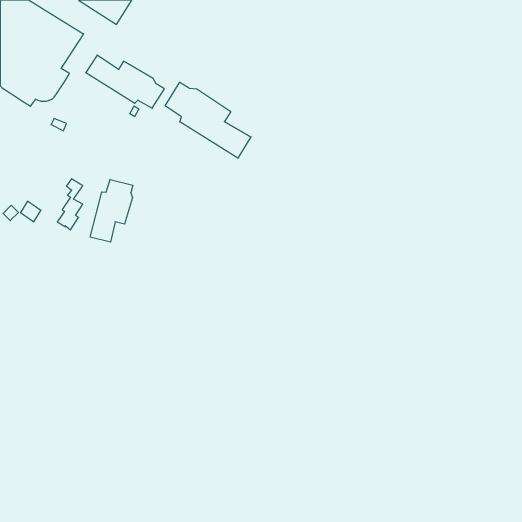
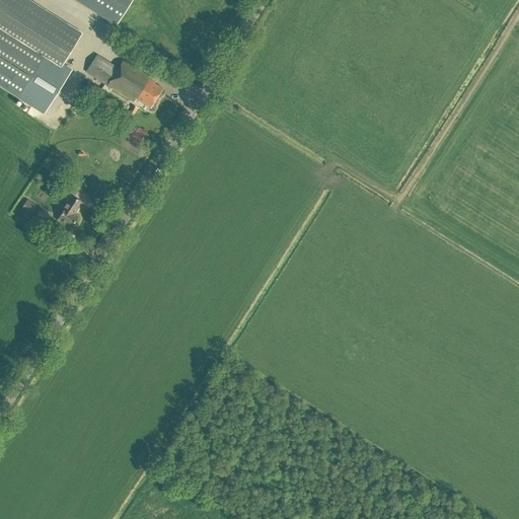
building: [165,82,251,158] -> none
building: [90,179,133,242] -> none

